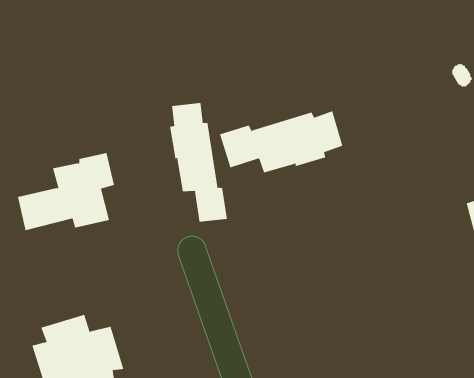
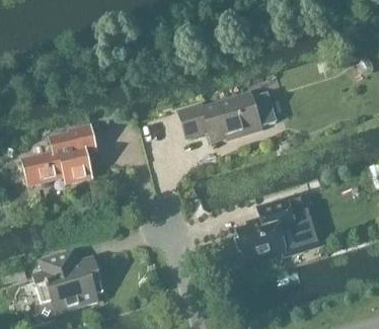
building: [170,102,227,223] -> none
building: none -> [236,194,321,258]

